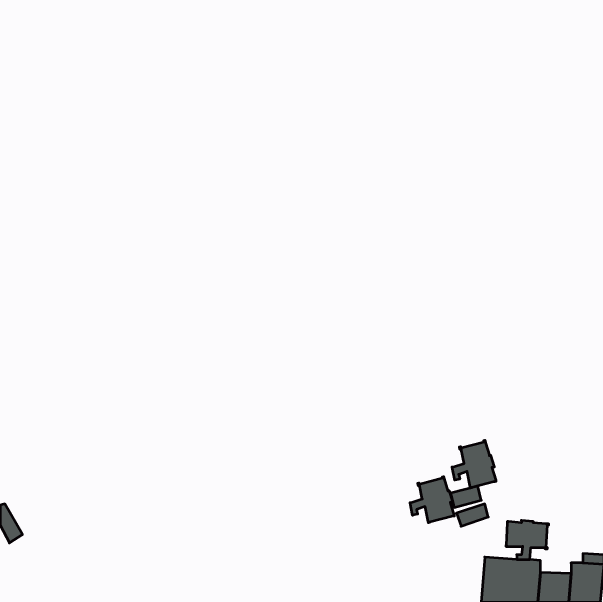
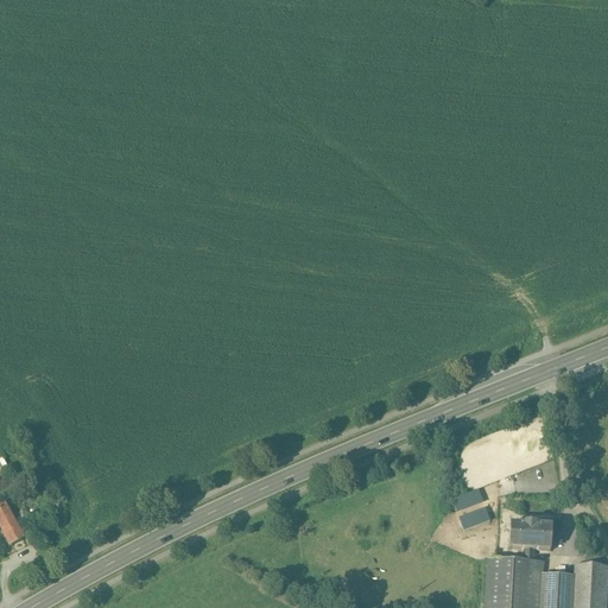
building: [452,440,496,488] -> none
building: [410,477,454,523] -> none

